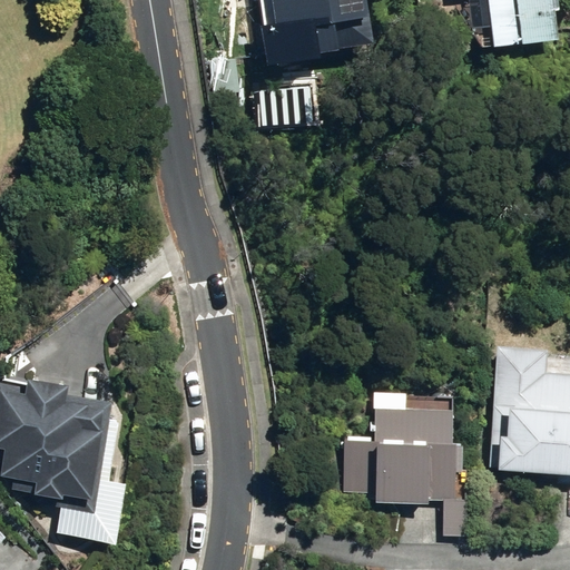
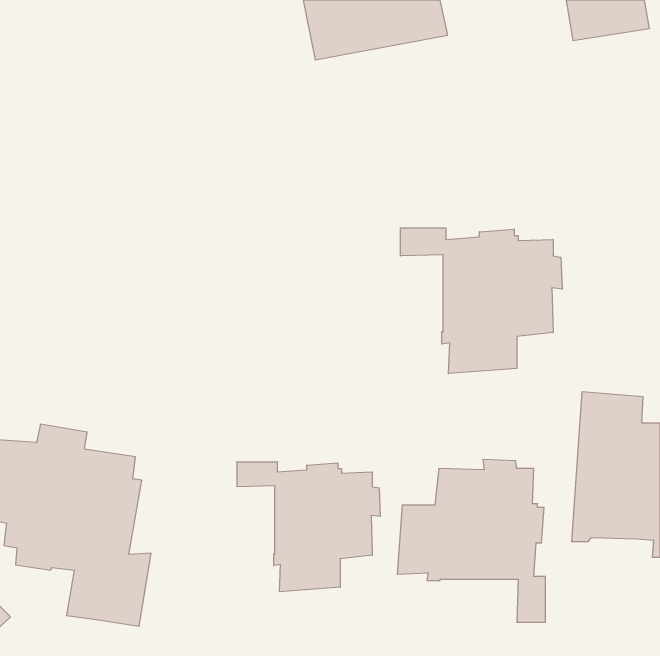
building: none -> [401,228,562,374]
building: none -> [237,462,380,592]

